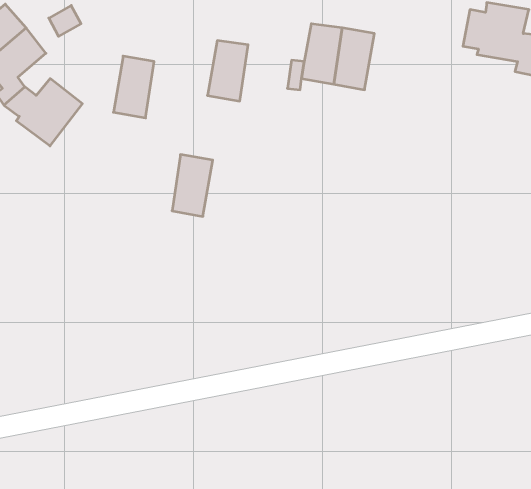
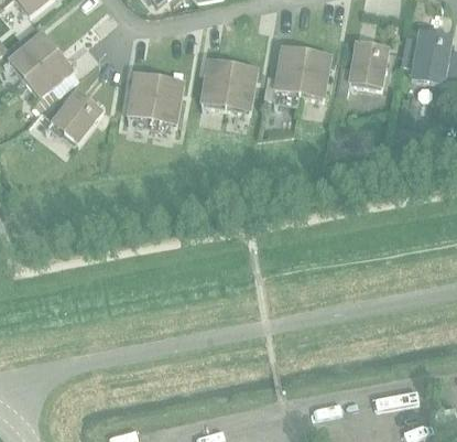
building: none -> [335,40,389,96]
building: none -> [226,62,258,110]
building: [172,155,213,216] -> [152,75,184,123]

